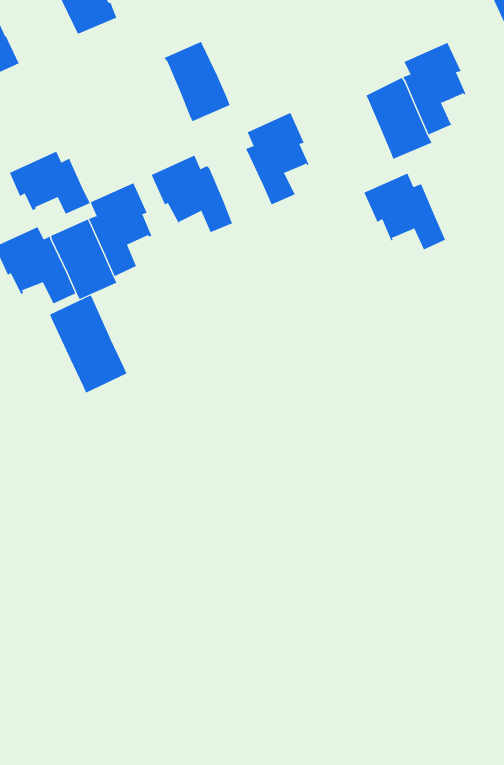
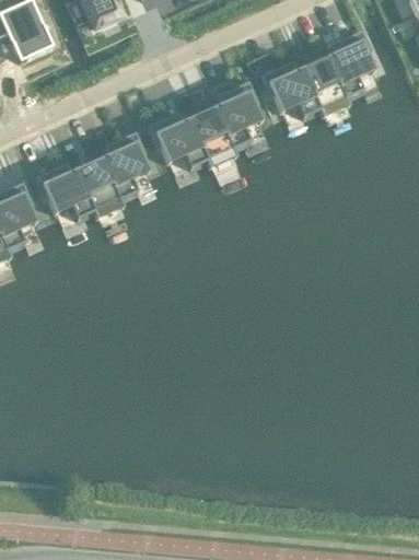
building: [163,41,230,122] -> [187,107,235,165]
building: [9,151,90,215] -> none
building: [364,173,446,250] -> [259,61,318,117]
building: [49,295,127,394] -> none

